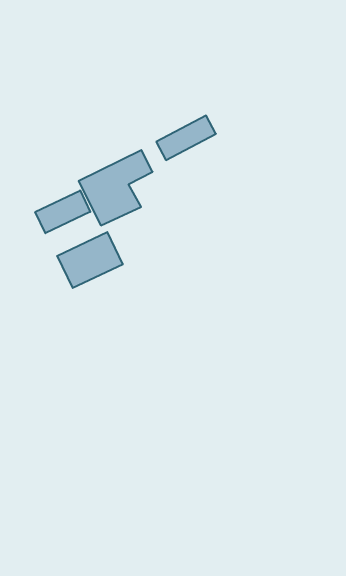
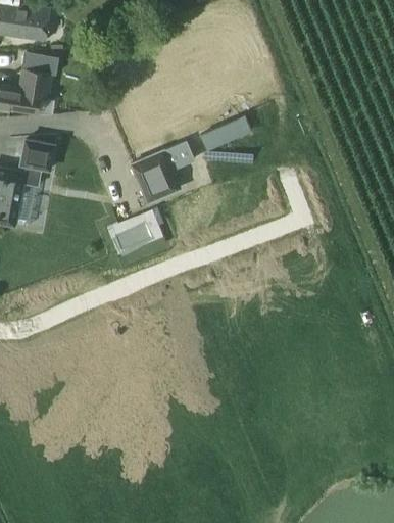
building: [35,190,90,233] -> none

